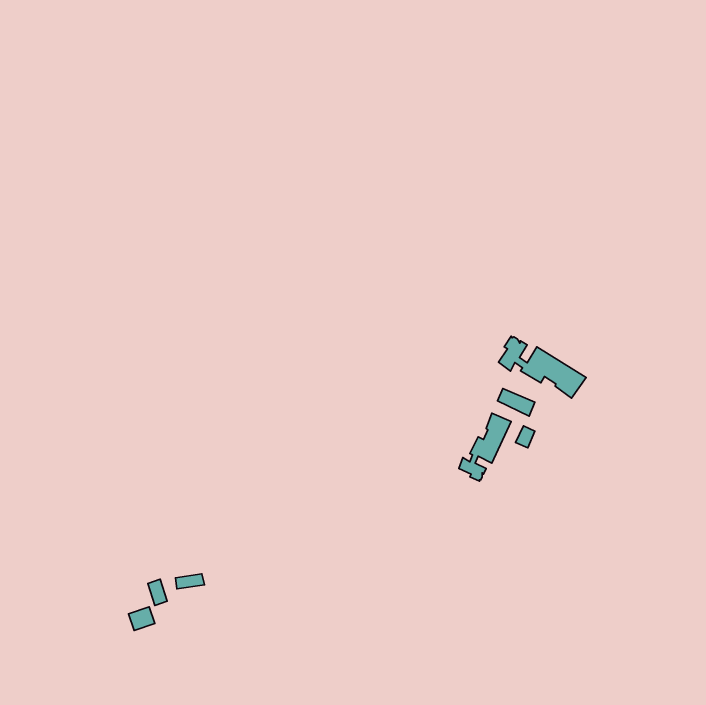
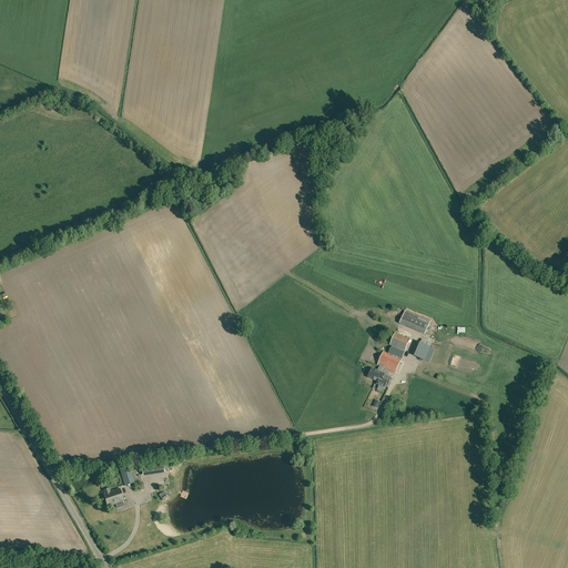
building: [498,336,586,398] -> none

